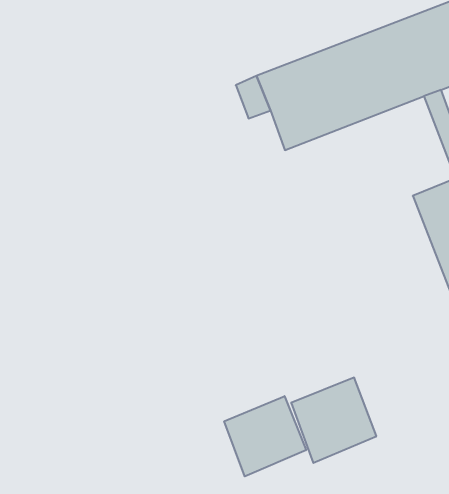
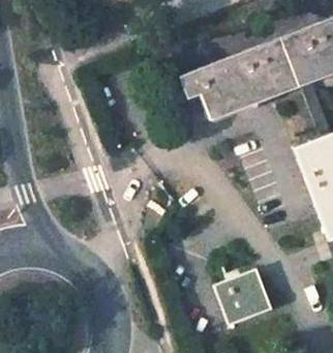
building: [224,396,306,476] -> none

